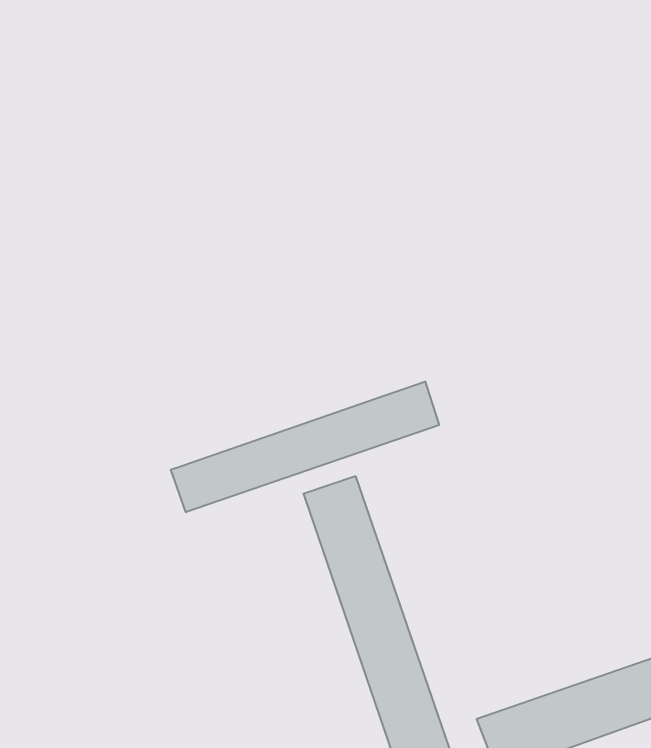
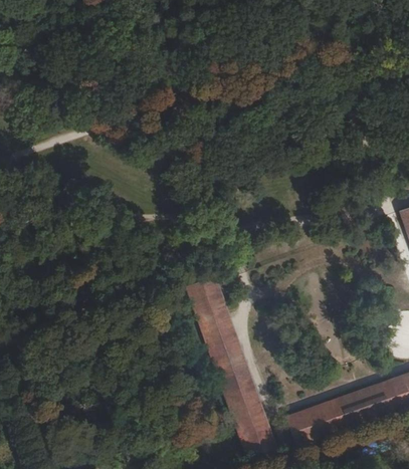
building: [171,381,439,512] -> none

